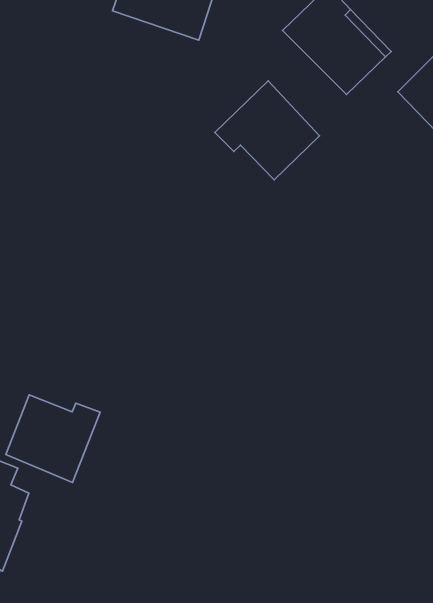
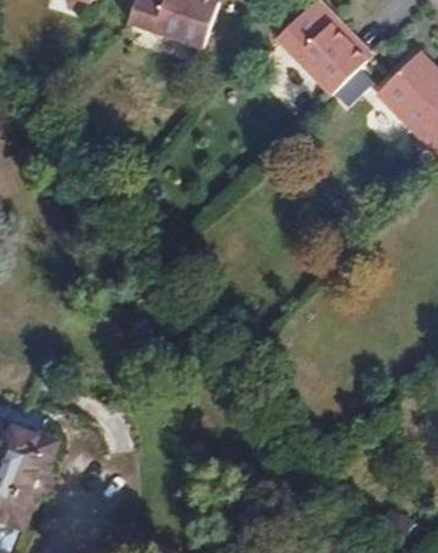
building: [215,81,319,180] -> none
building: [6,395,100,483] -> none

